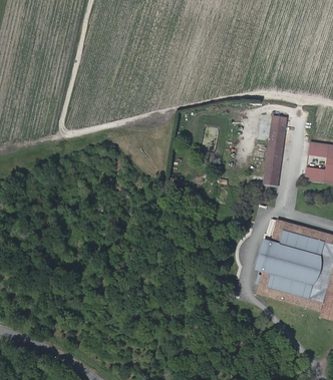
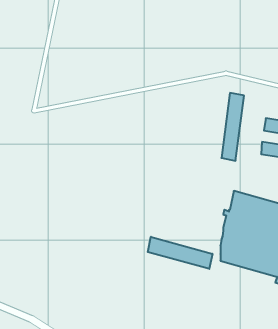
building: none -> [148,237,212,269]

